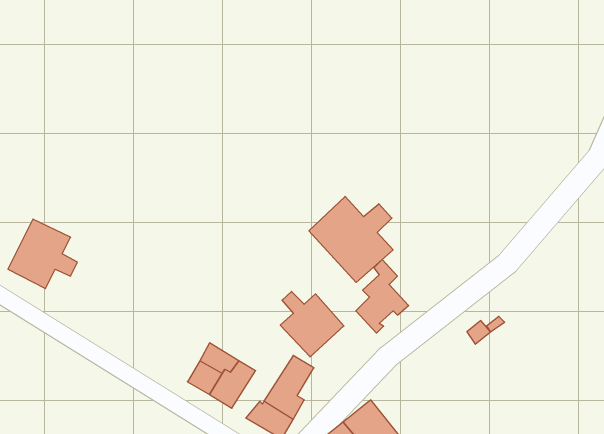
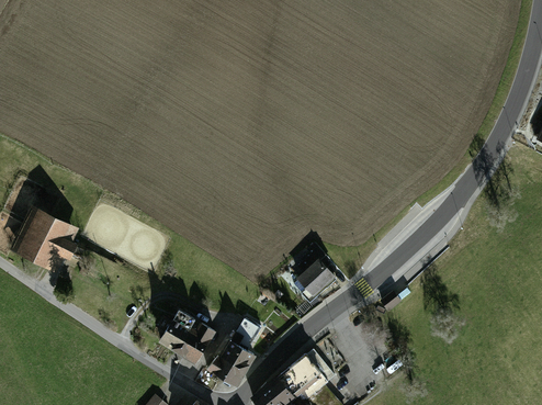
building: [309,196,393,282] -> none
building: [280,291,344,357] -> none

